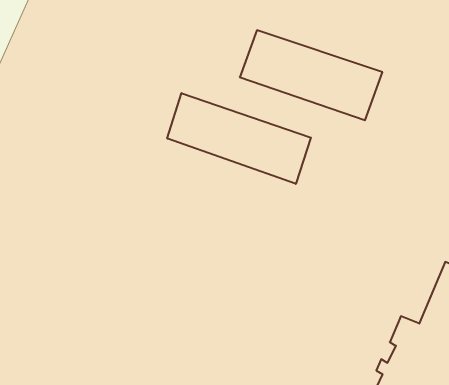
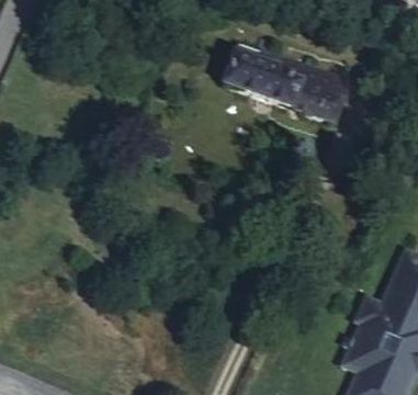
building: [167,93,311,184] -> none

